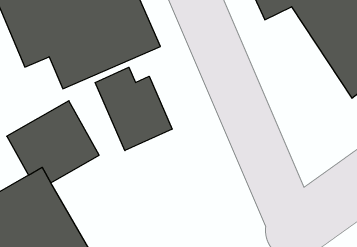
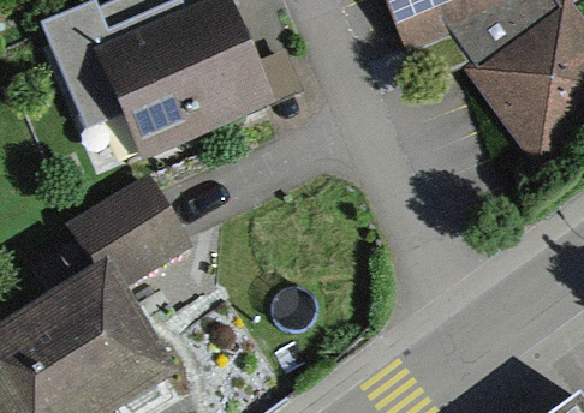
building: [95,67,172,151] -> none

